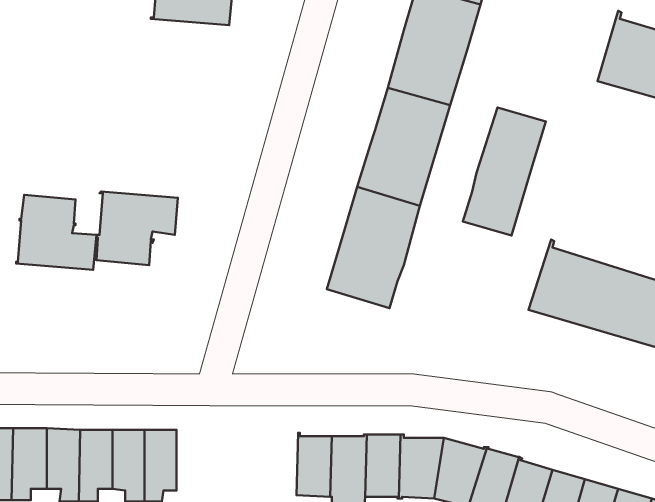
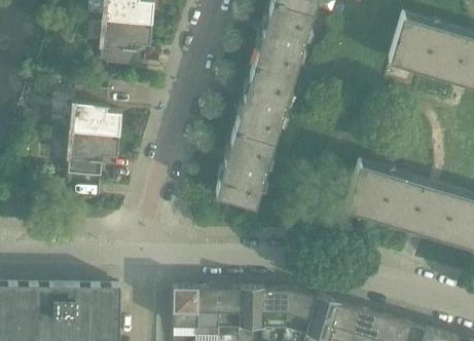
building: none -> [101,23,153,69]
building: [463,108,546,235] -> none
building: [16,195,96,270] -> [71,89,122,138]
building: none -> [173,289,197,329]

